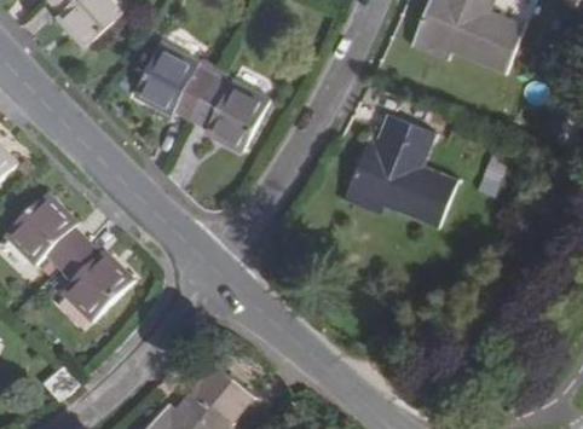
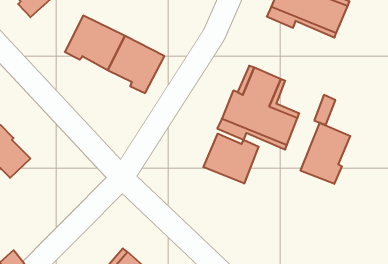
building: none -> [301,123,350,184]
building: none -> [203,134,259,184]
building: [58,240,132,321] -> none

